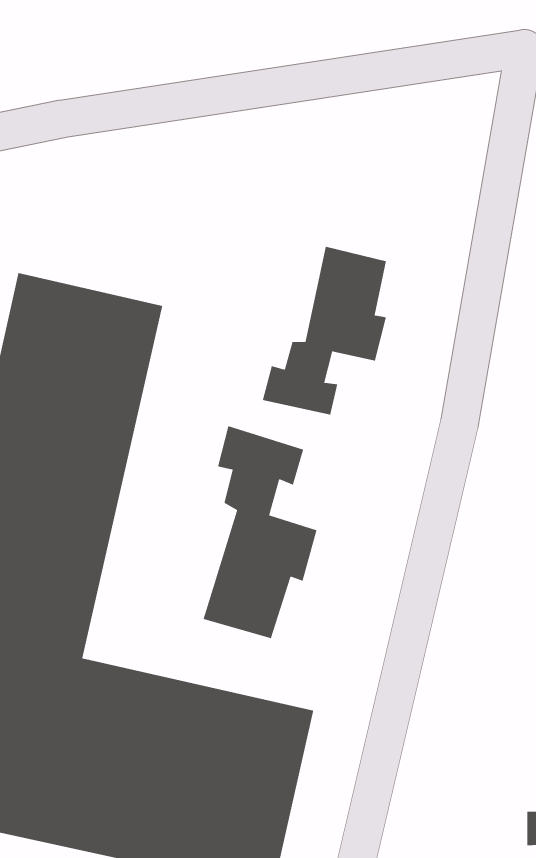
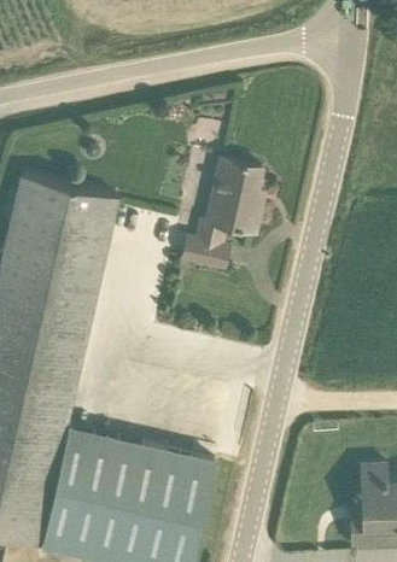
building: [203,425,318,639] -> none

